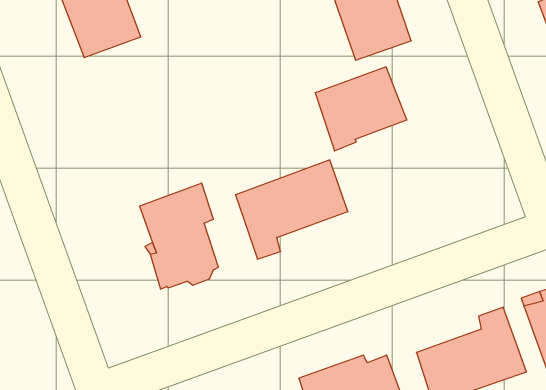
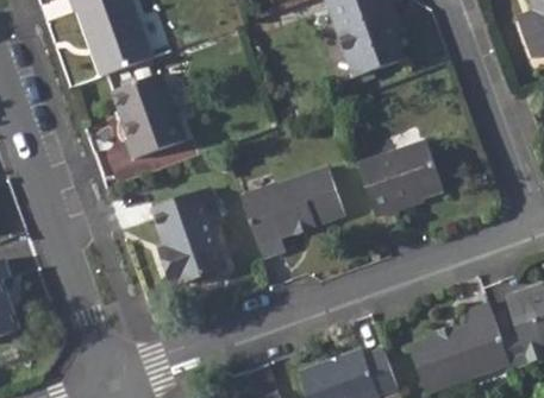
building: none -> [117,71,187,156]
building: [315,67,407,151] -> [358,141,443,219]

